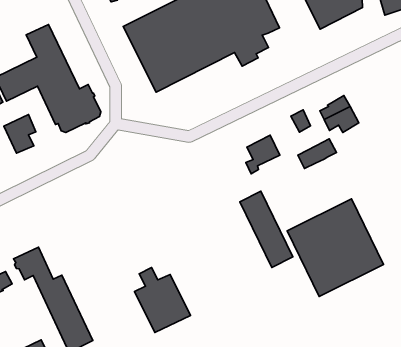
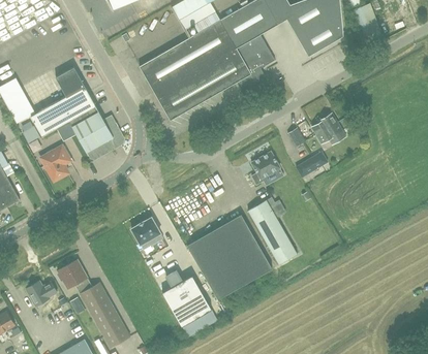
building: [287,199,384,296] -> [187,215,272,300]
building: none -> [131,217,162,244]

